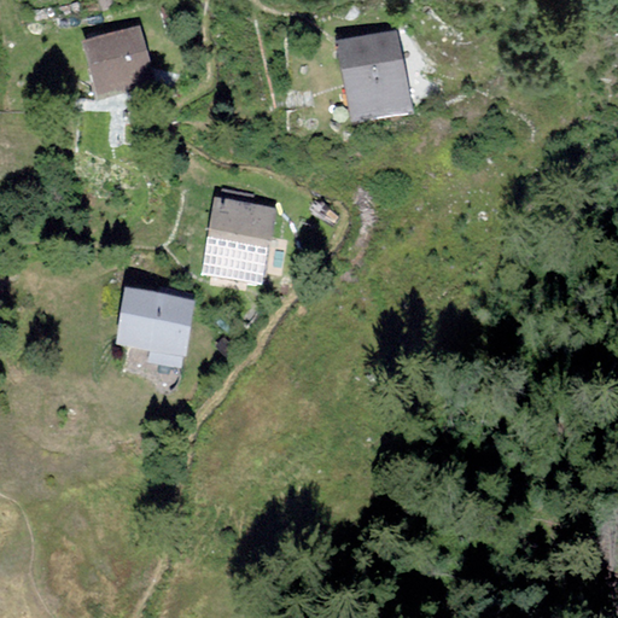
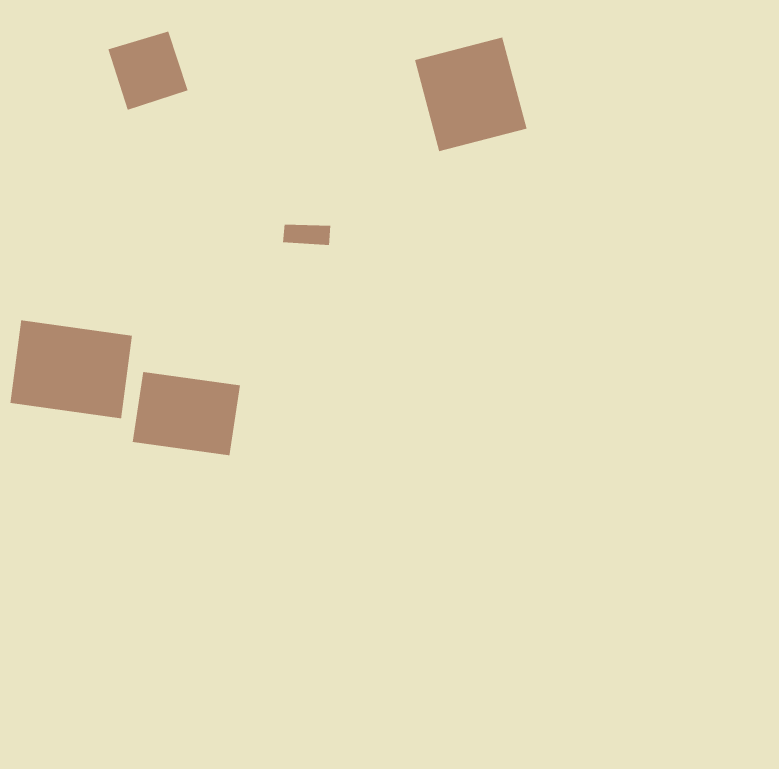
building: [209,199,275,273] -> none
building: none -> [10,319,133,419]

